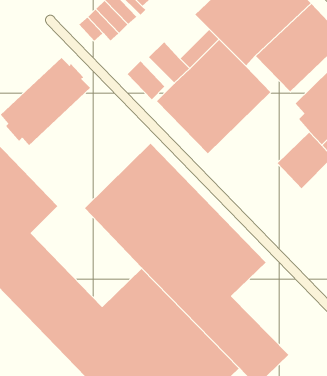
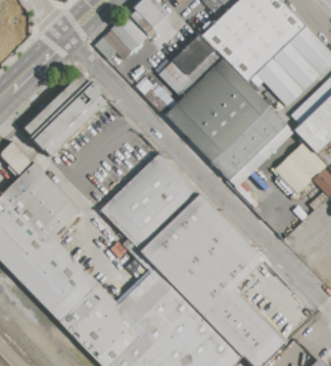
building: none -> [173,35,214,76]
building: none -> [212,106,294,188]

